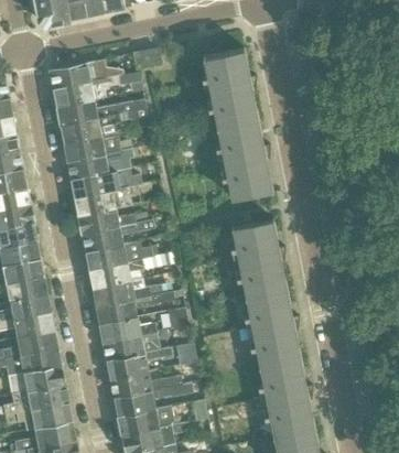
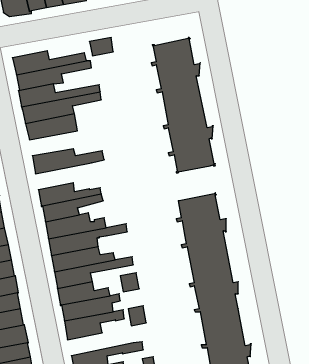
building: [67,148,133,177] -> none
building: [74,185,137,215] -> none
building: [109,373,182,398] -> none

